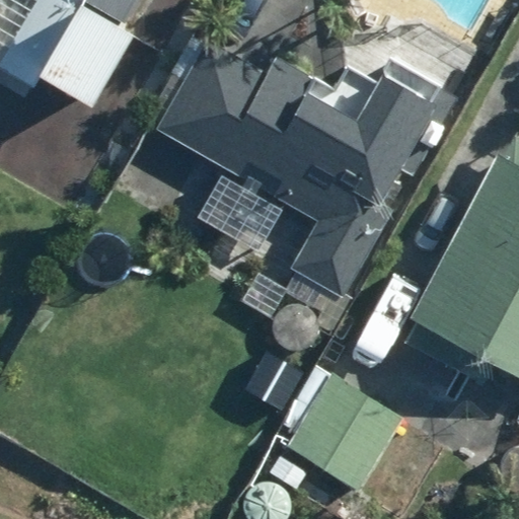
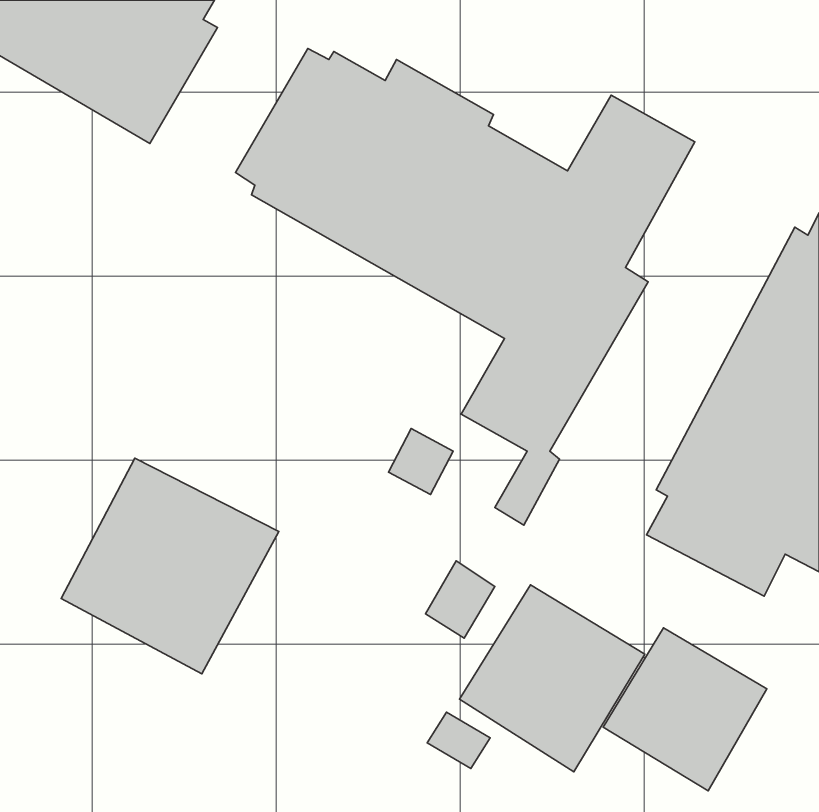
building: none -> [61,458,279,674]
building: none -> [603,628,767,791]

